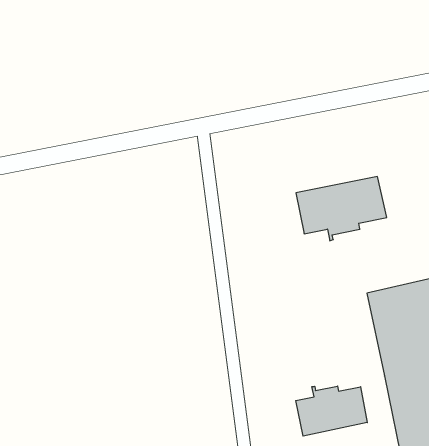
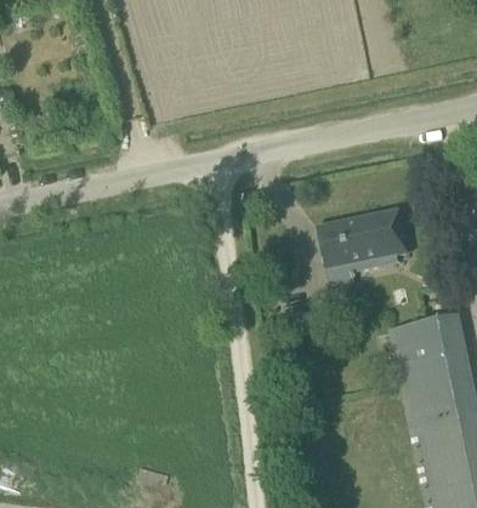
building: [296,386,367,436] -> none

